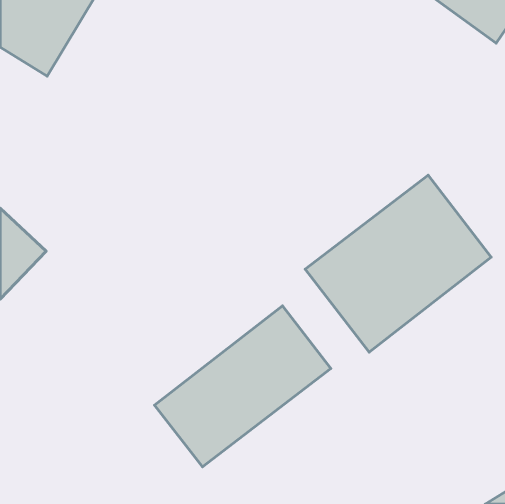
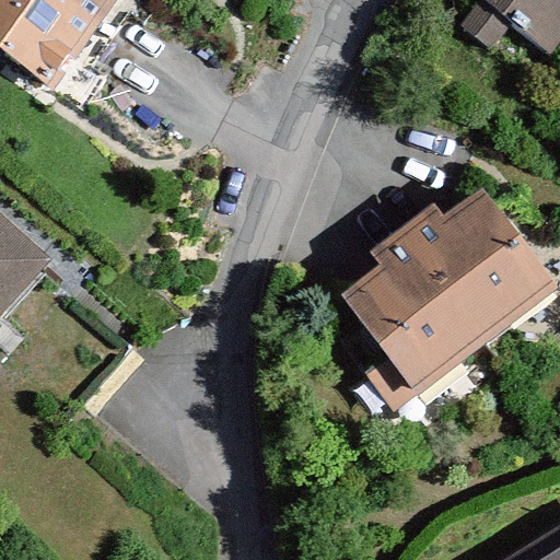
building: [155,306,331,467] -> none

